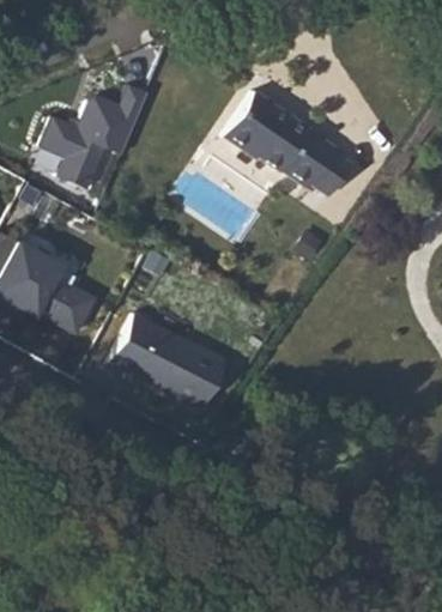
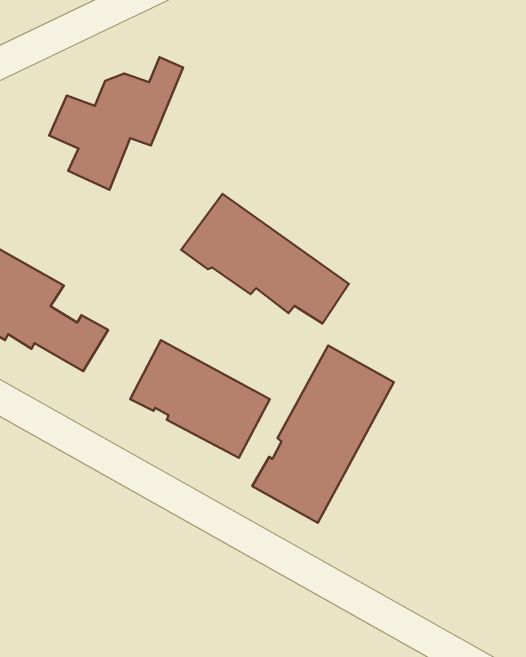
building: [224,85,361,190] -> [181,194,349,324]
building: none -> [252,346,394,523]

